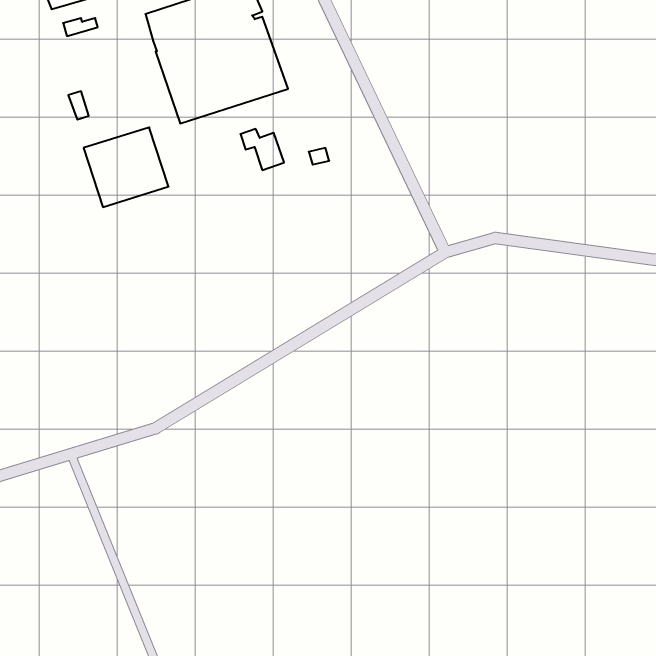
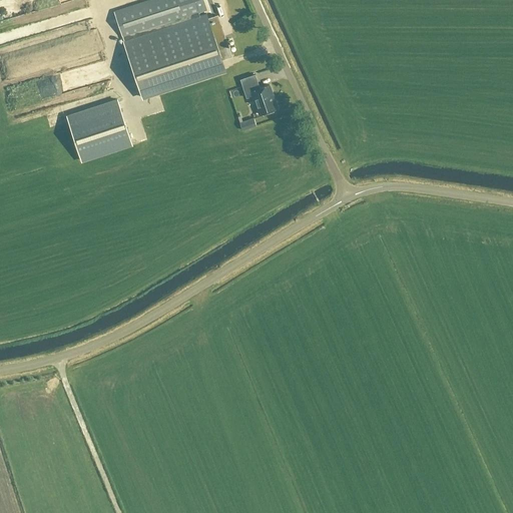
building: [240,129,284,170] -> [241,81,276,113]

